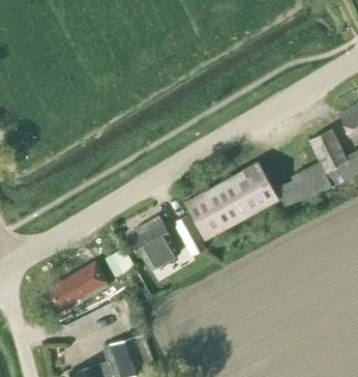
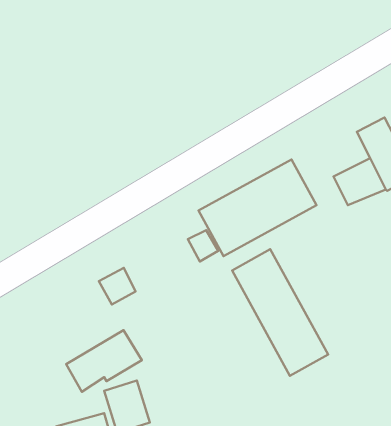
building: [129,216,180,270] -> none
building: none -> [232,249,328,376]
building: [50,262,110,311] -> [66,330,142,392]

